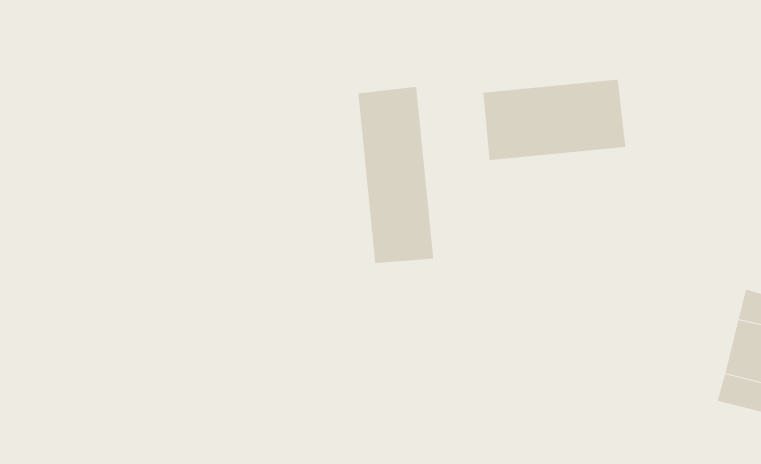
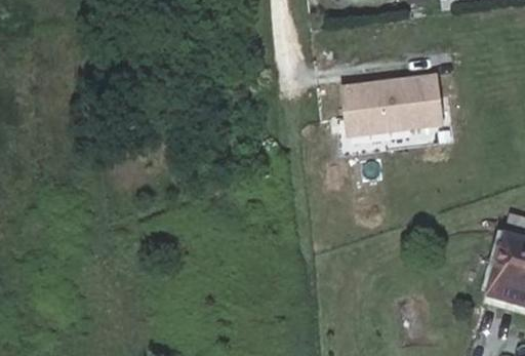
building: [358,86,434,264] -> none

